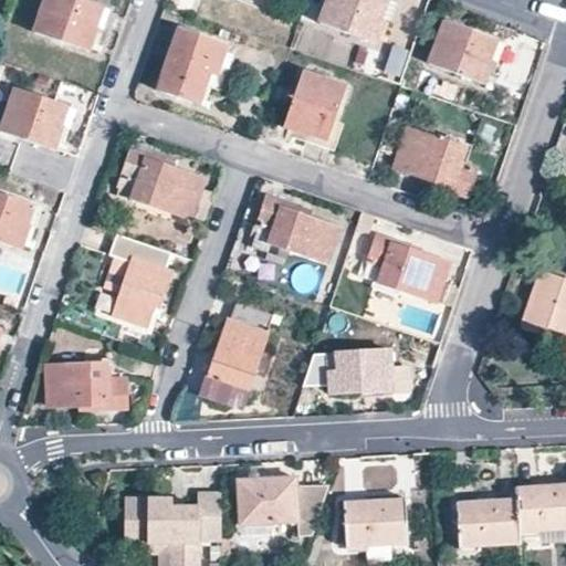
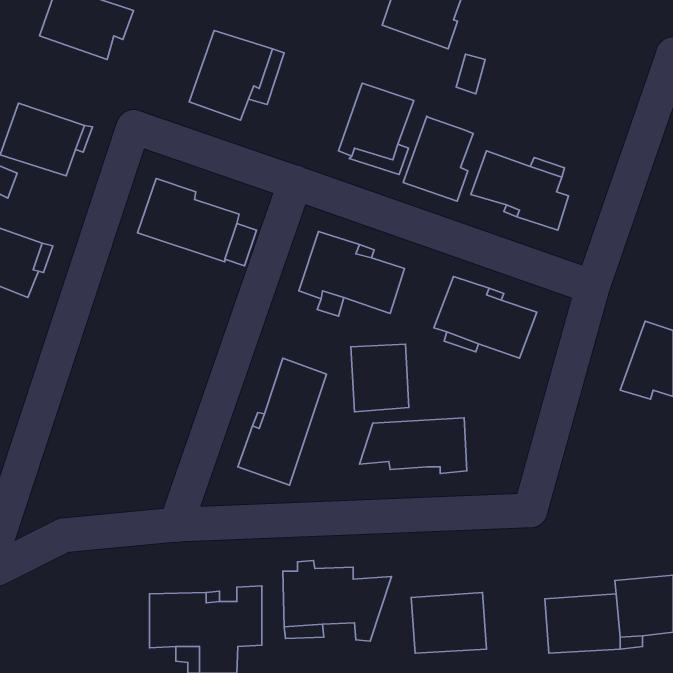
building: [428,19,494,82] -> none
building: none -> [403,116,473,201]
building: [108,234,170,328] -> none
building: none -> [351,344,409,412]
building: [46,363,128,409] -> none

